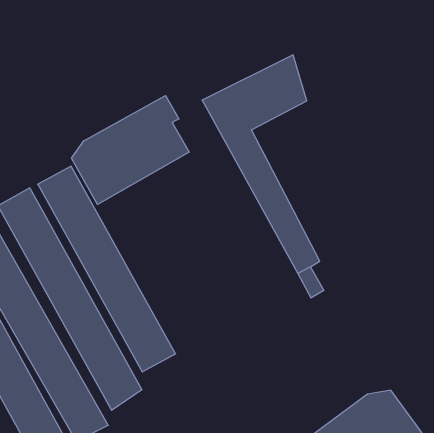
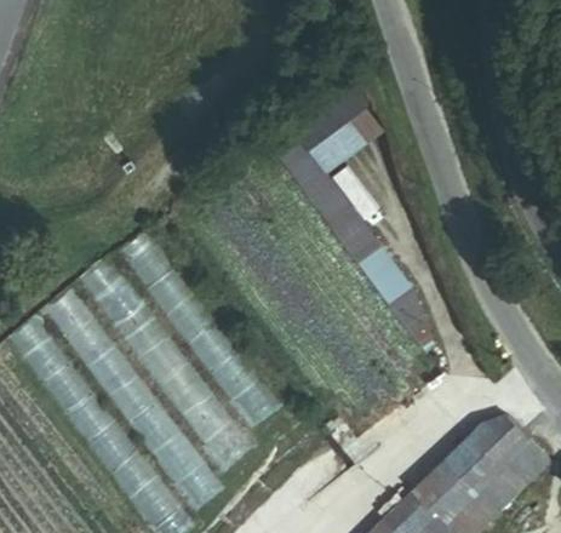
building: [71,96,189,204] -> none

